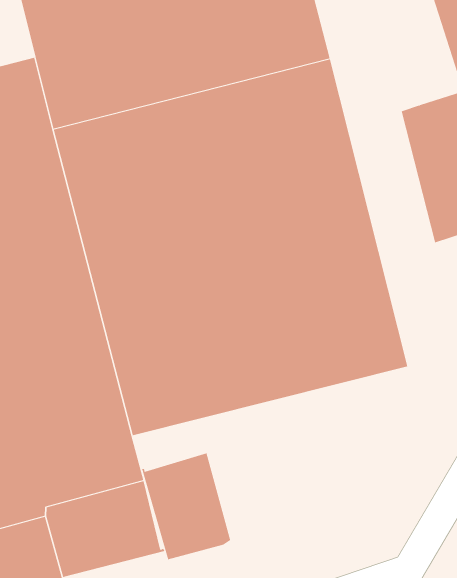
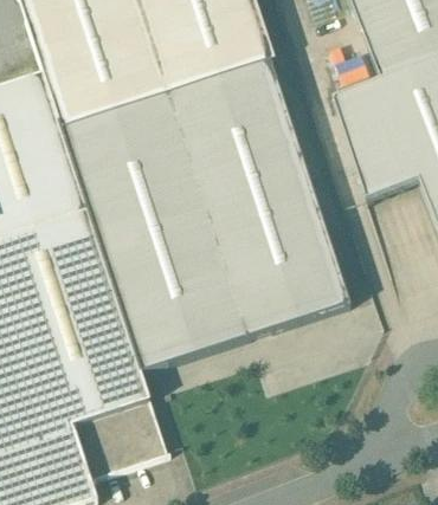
building: [142,452,231,560] -> none

